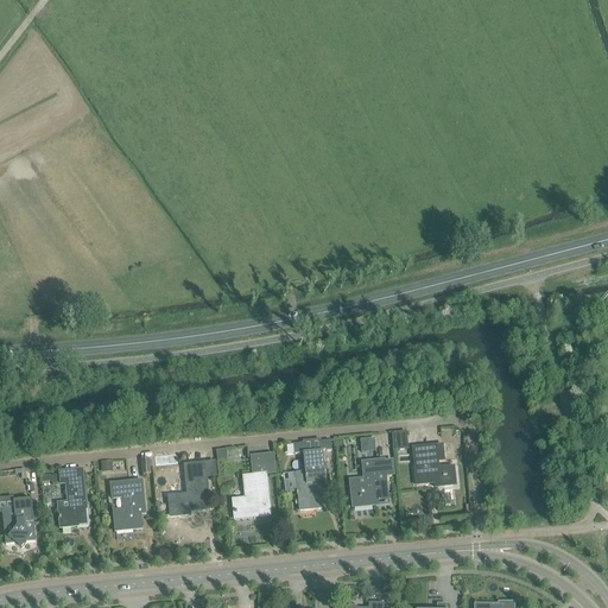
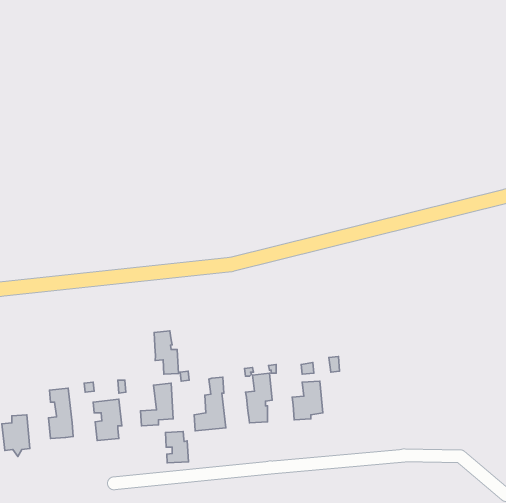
building: none -> [154,331,178,374]
building: [412,443,455,484] -> none
building: none -> [165,431,188,463]

